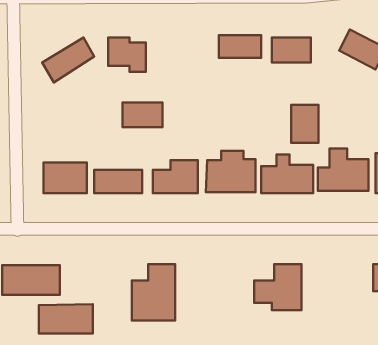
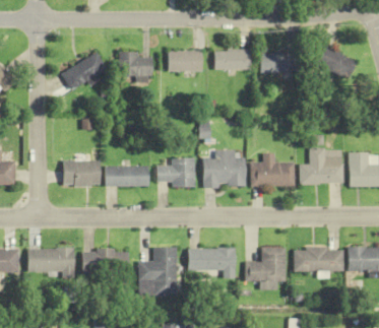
building: [122,102,163,127] -> [168,51,202,72]
building: [291,105,318,143] -> none
building: none -> [188,249,235,279]
building: none -> [294,249,342,272]
building: [39,304,93,334] -> [82,250,129,275]

